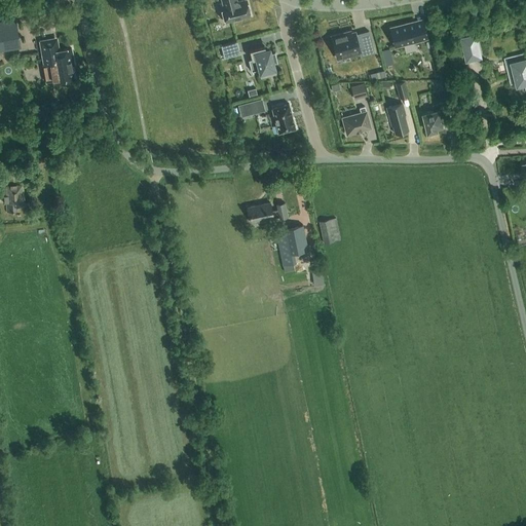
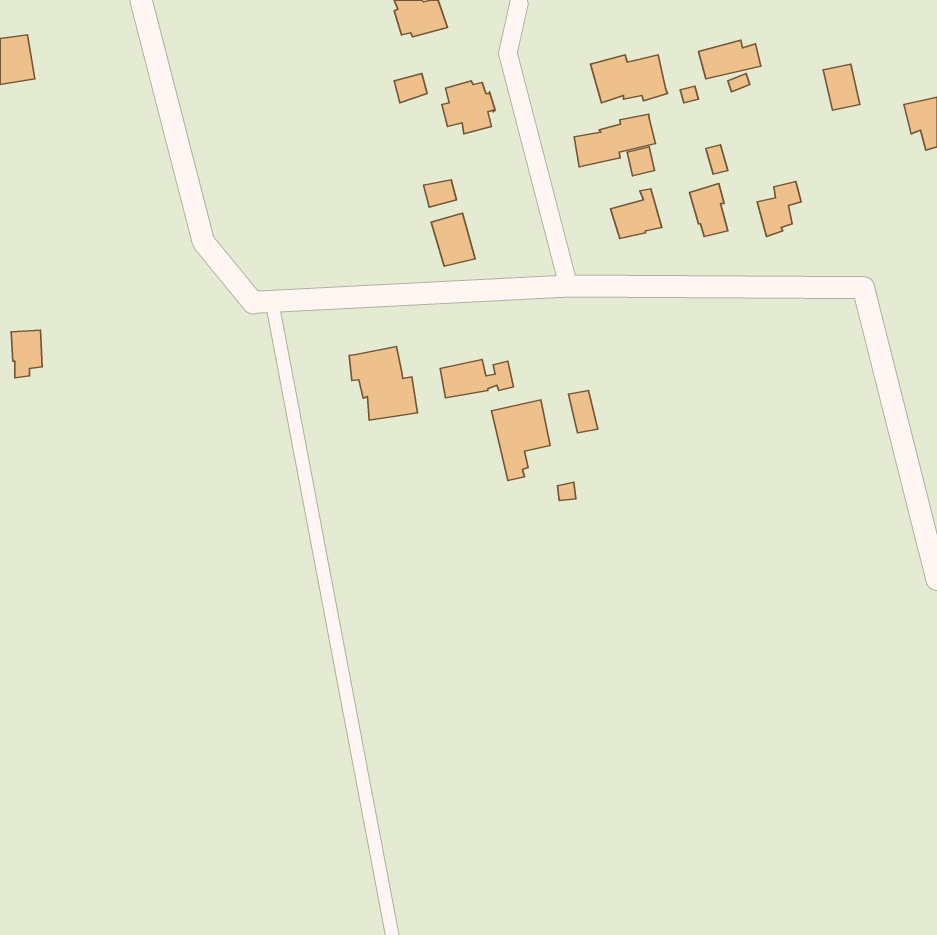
building: [39,38,75,82] -> none
building: none -> [574,114,656,167]
building: [271,104,296,134] -> [431,213,475,266]
building: none -> [349,346,418,420]

